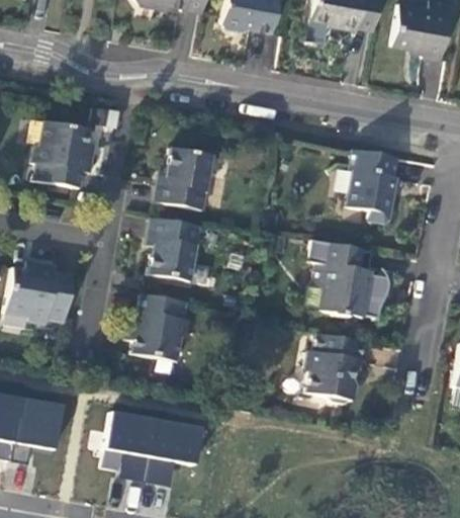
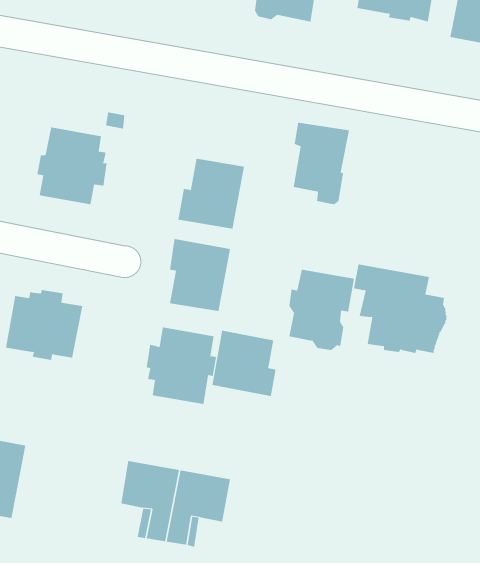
building: [349,150,398,222] -> [293,122,350,205]
building: none -> [212,330,276,397]
building: [307,333,365,404] -> [288,269,355,350]
building: [12,398,63,464] -> none

